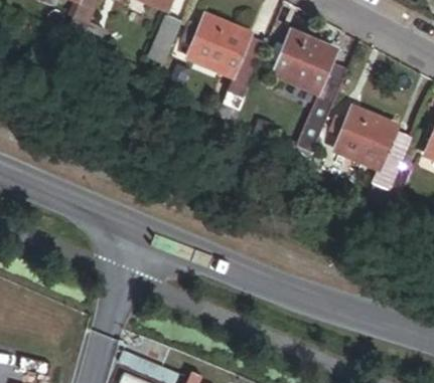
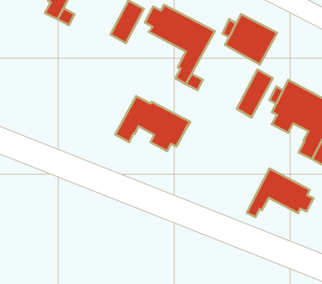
building: none -> [115,96,190,151]
building: none -> [247,169,314,217]

